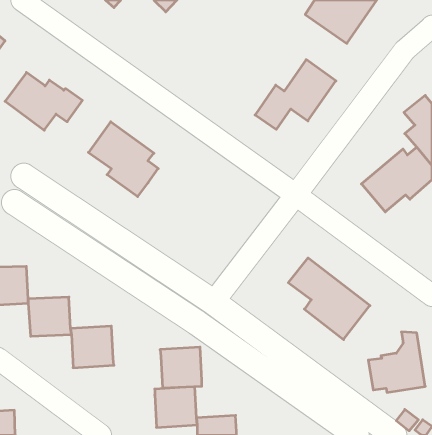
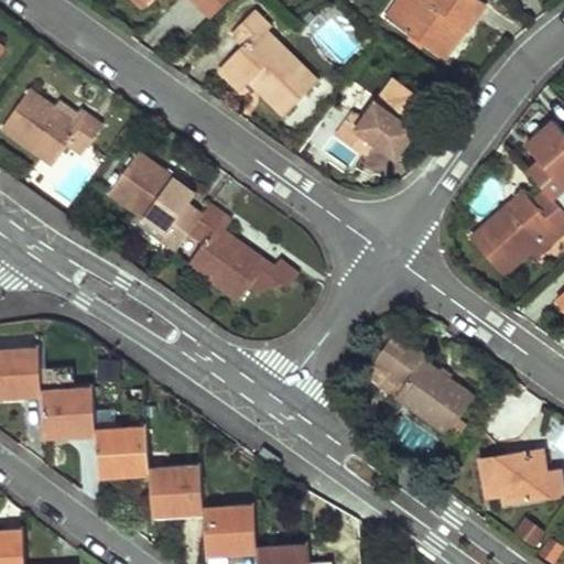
building: none -> [220,11,318,118]
building: none -> [191,208,301,303]
building: [160,347,202,388] -> [147,460,200,513]

